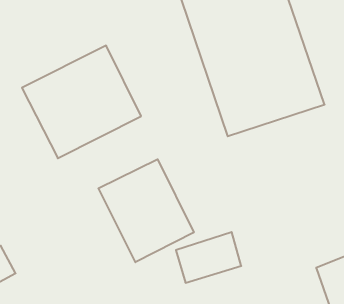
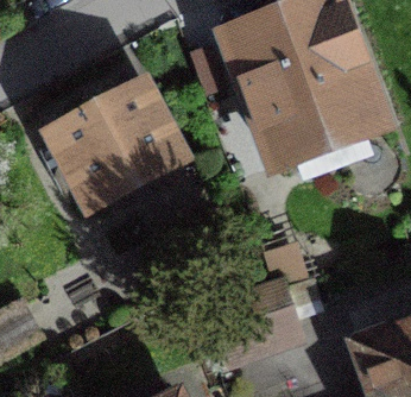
building: [98,159,194,262] -> none

